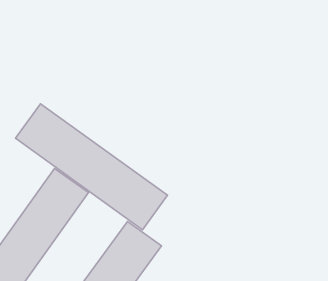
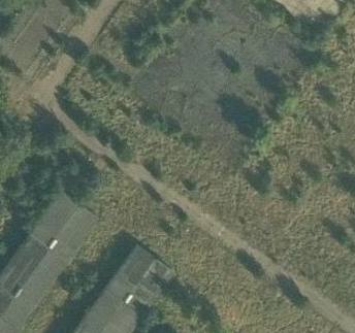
building: [15,104,168,230] -> none

